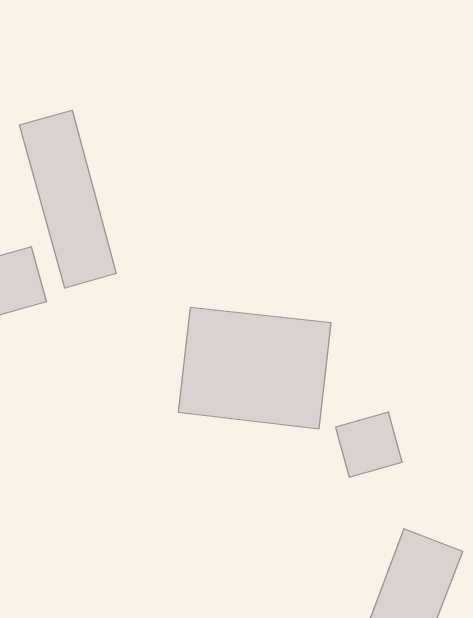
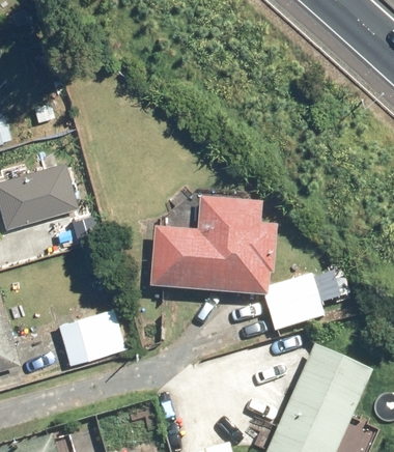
building: [20,110,116,288] -> none
building: none -> [66,312,120,359]

